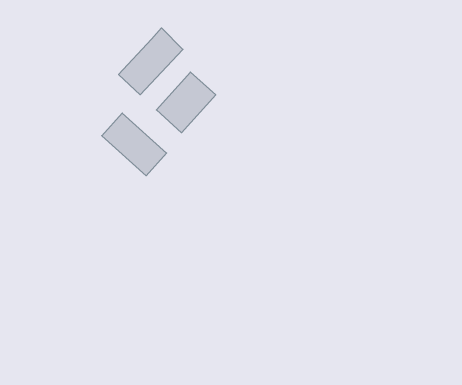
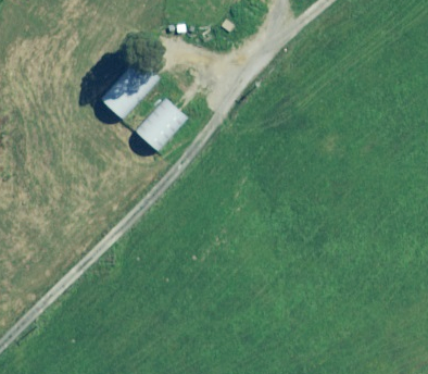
building: [102,113,167,176] -> none

